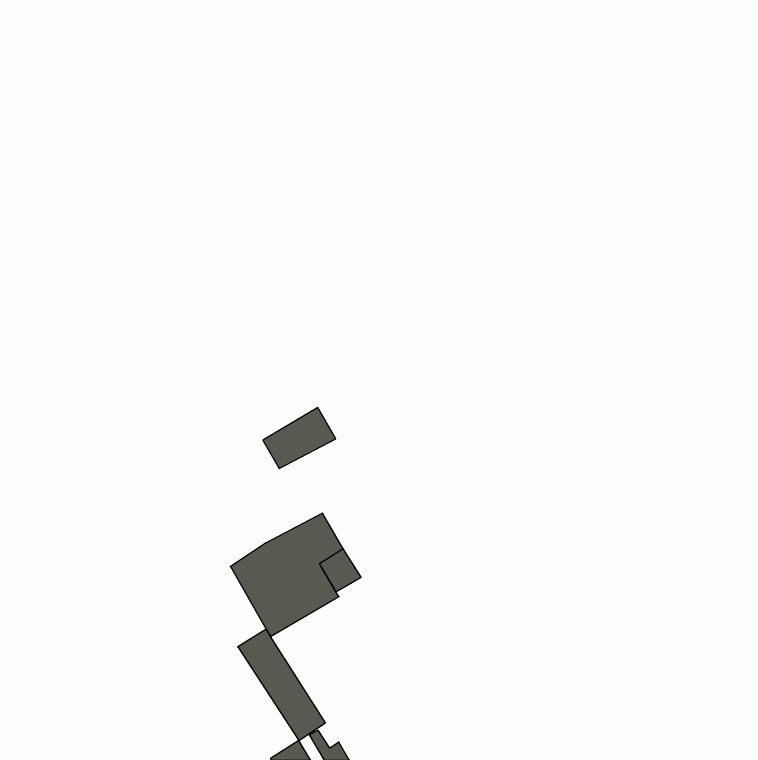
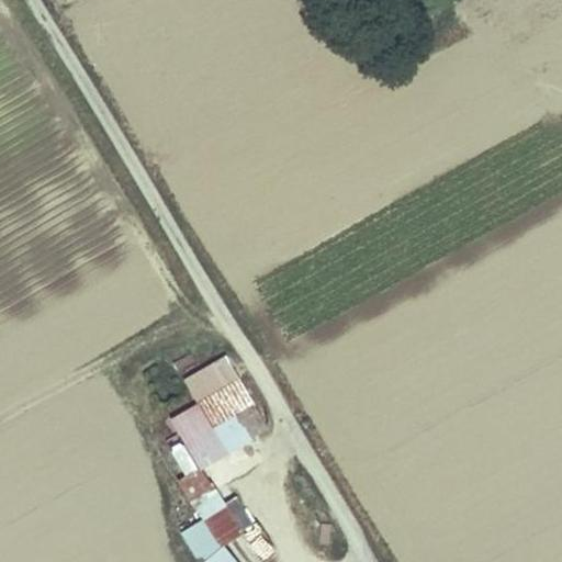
building: [263,408,336,469] -> [184,356,238,401]

